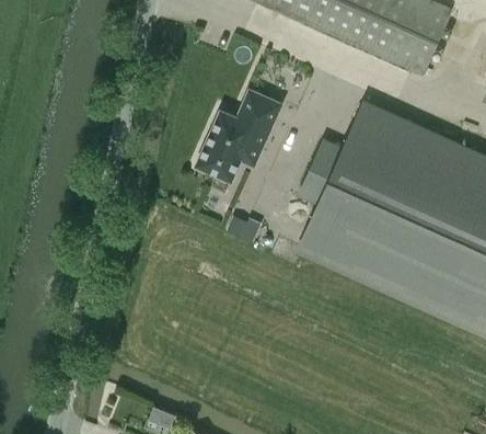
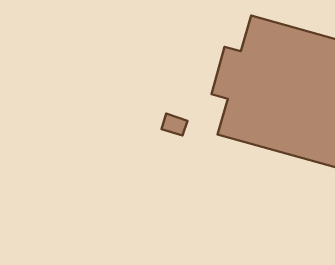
building: [197,89,284,181] -> none

